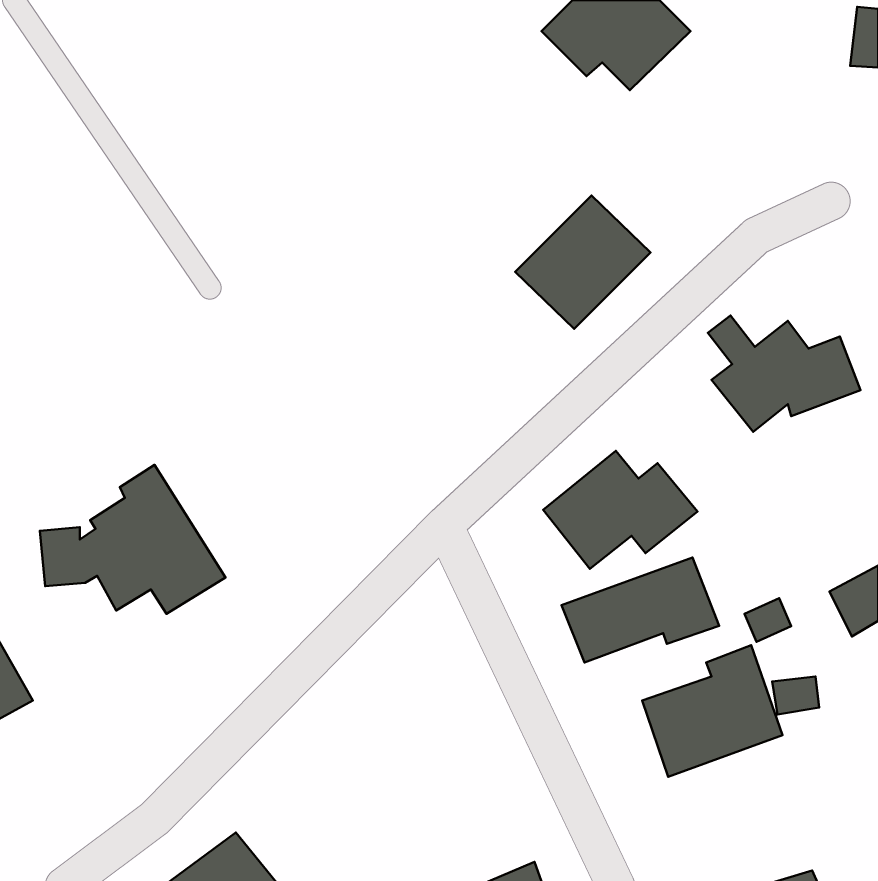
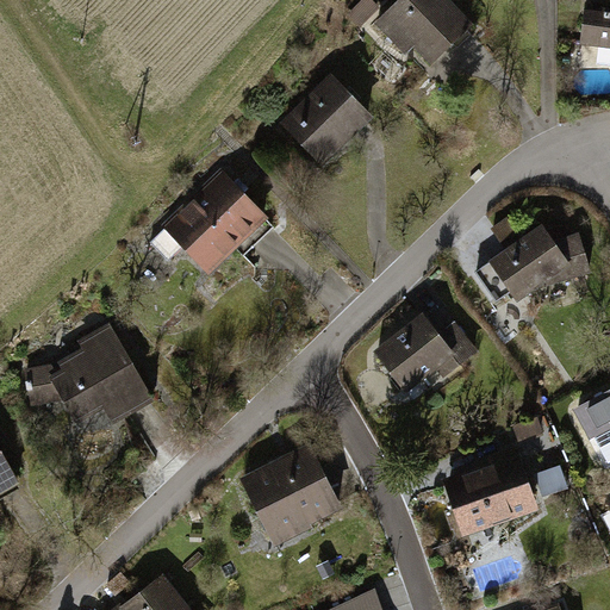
building: [515,195,651,329] -> [280,75,373,167]
building: none -> [142,167,269,274]
building: [562,558,719,663] -> none
building: none -> [237,446,341,546]

